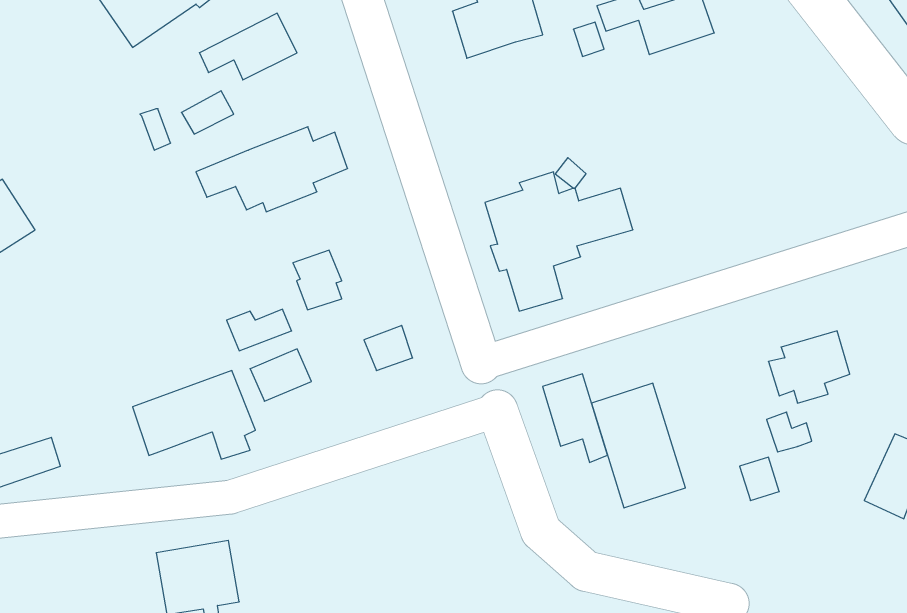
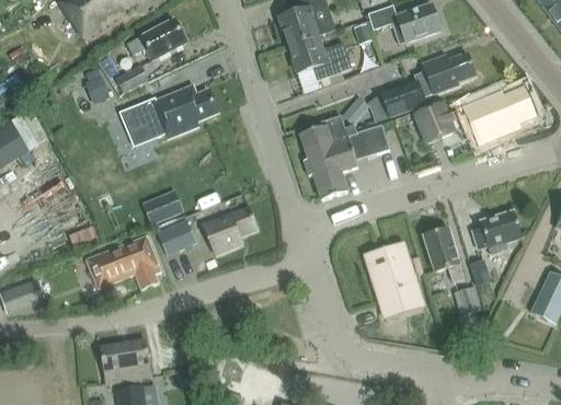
building: none -> [289,35,351,79]
building: none -> [381,51,476,117]
building: none -> [416,88,535,143]
building: [293,250,342,310] -> [205,216,234,252]
building: [543,374,608,462] -> [424,228,463,281]

